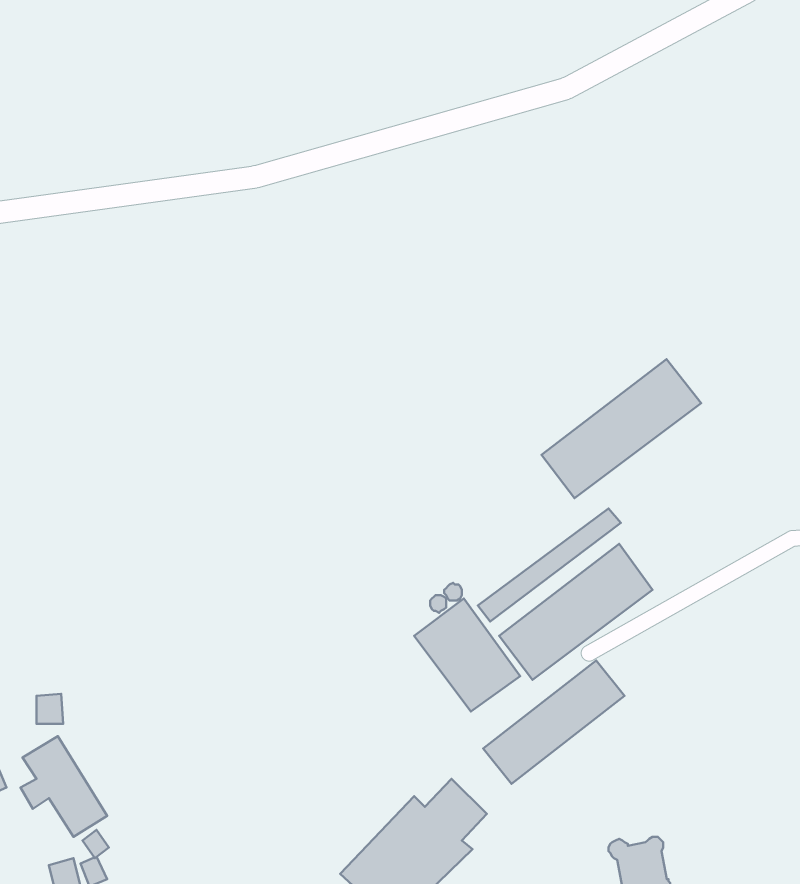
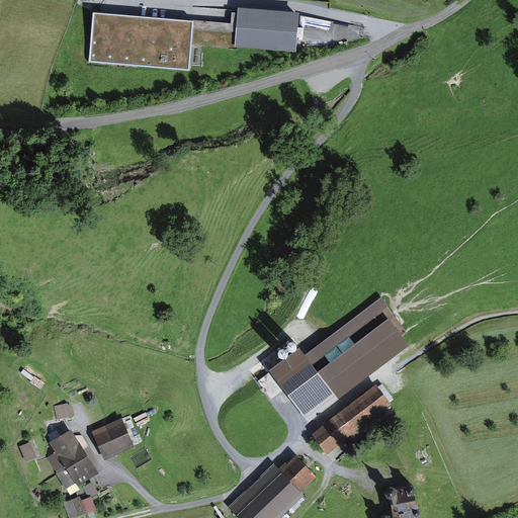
building: none -> [233,11,296,52]
building: none -> [88,13,195,72]
building: [542,359,701,498] -> none
building: none -> [91,419,132,458]

